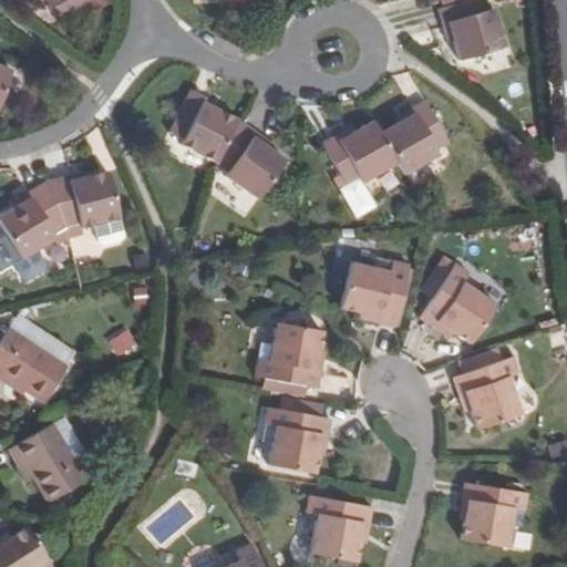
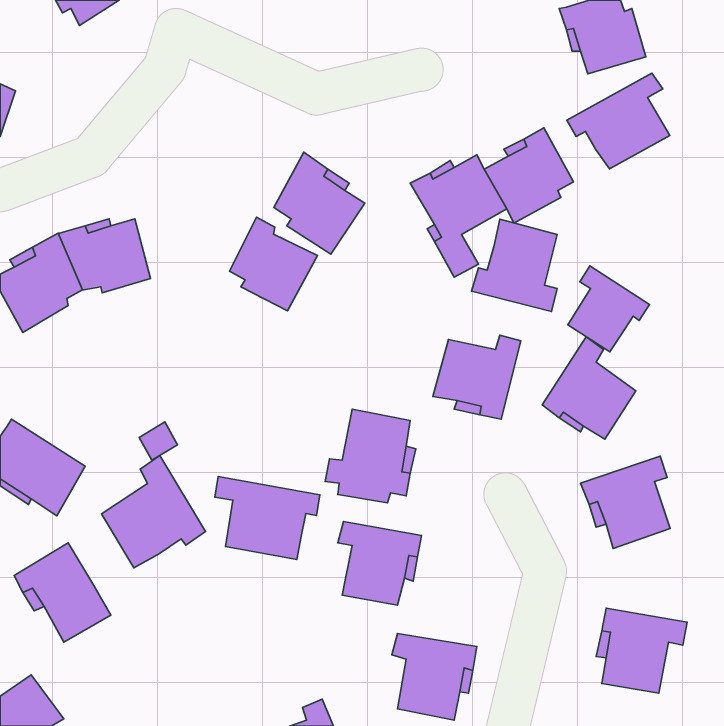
building: none -> [567,73,670,169]
building: [169,89,238,162] -> [229,217,317,311]
building: none -> [471,219,557,312]
building: none -> [568,266,649,352]
building: none -> [101,455,206,568]
building: none -> [215,476,320,559]

